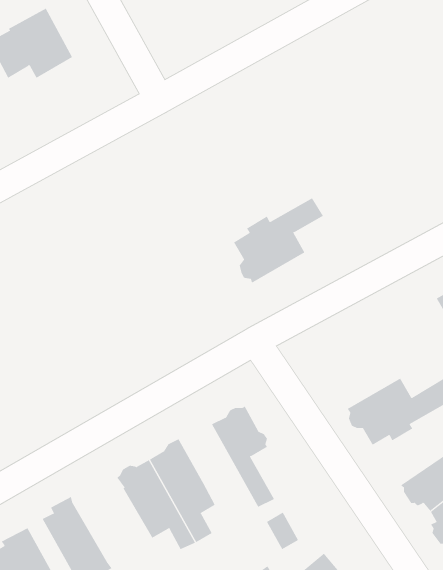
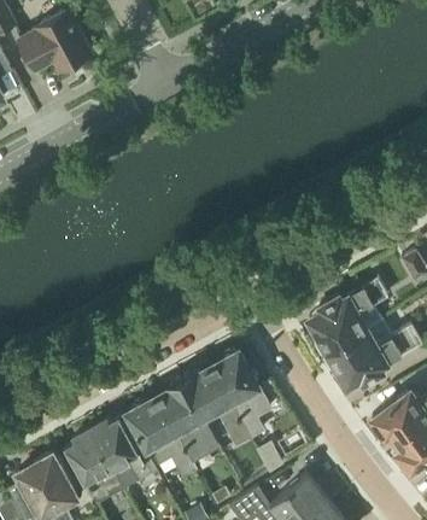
building: [233,197,324,284] -> [309,280,386,354]
building: none -> [181,367,248,444]
building: none -> [89,417,160,485]

